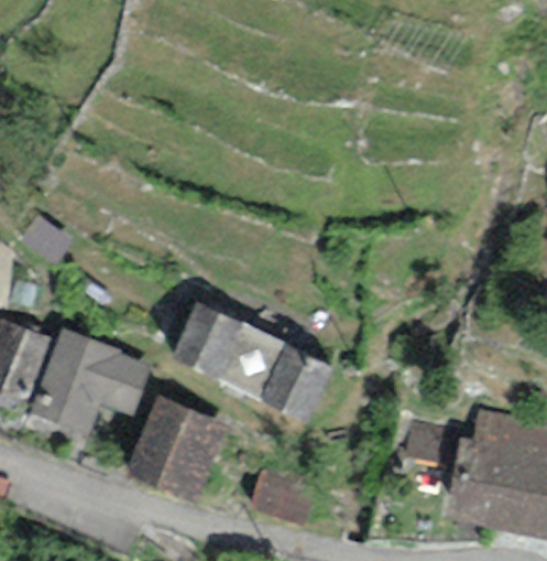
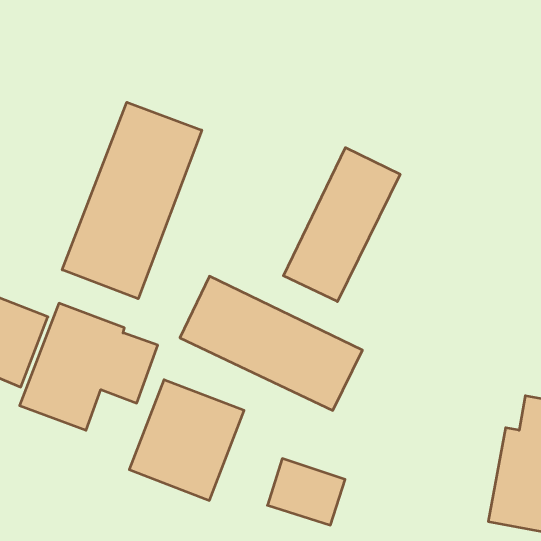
building: none -> [62,102,202,299]
building: none -> [283,148,400,302]

